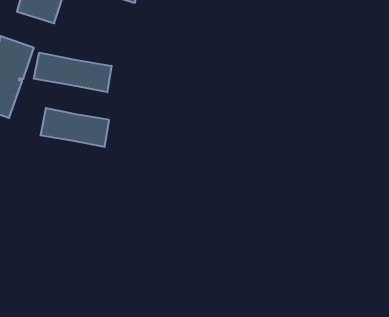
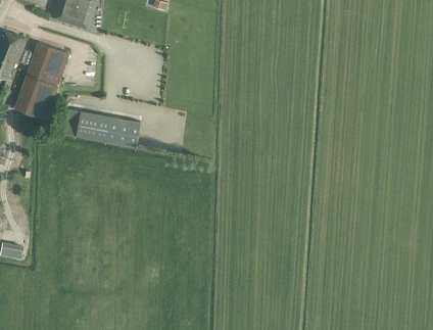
building: [34,53,112,92] -> none

